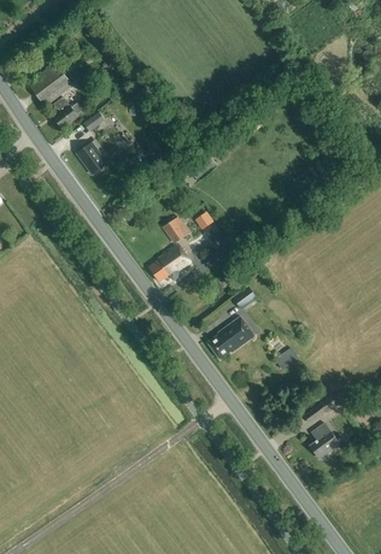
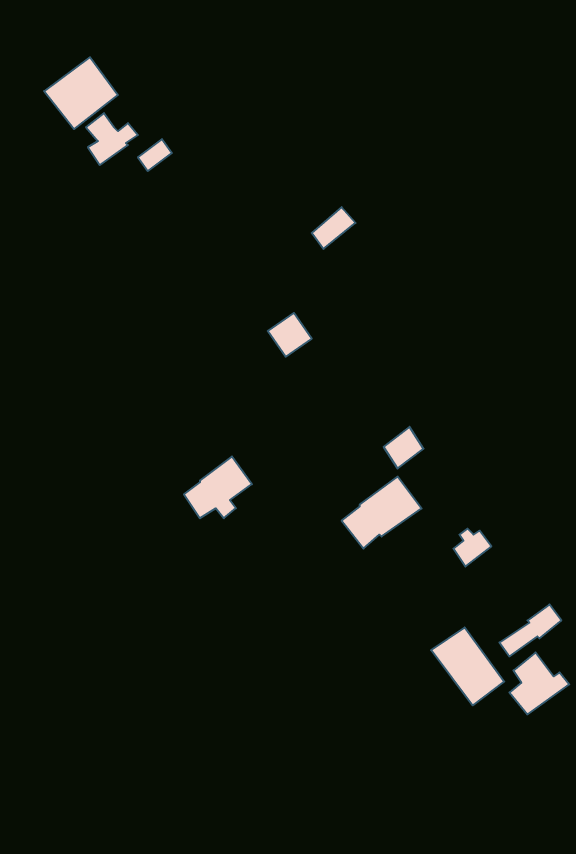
building: [77,142,109,175] -> none
building: [150,243,190,281] -> [184,456,252,518]
building: none -> [431,627,504,705]

